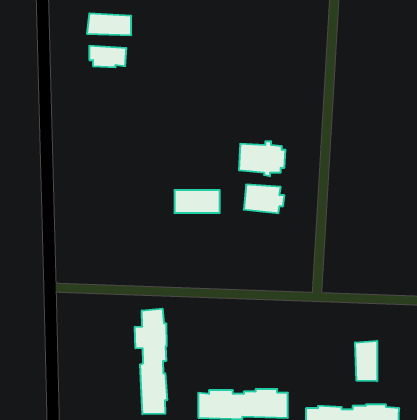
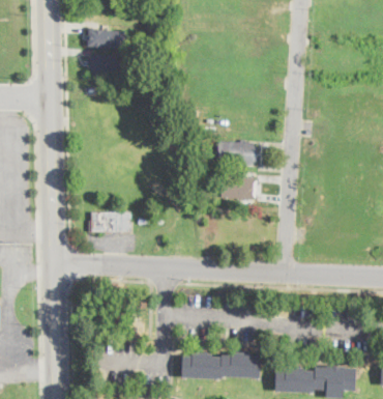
building: [174,190,220,213] -> [91,211,130,231]
building: [135,309,167,414] -> none
building: [355,341,377,381] -> none

